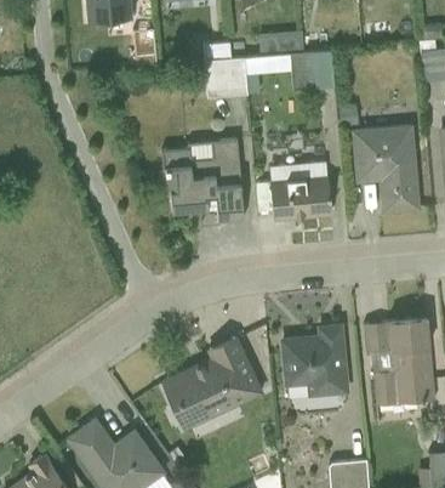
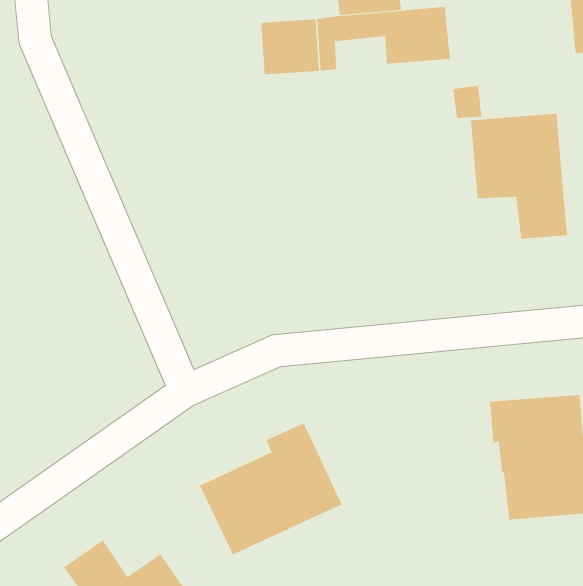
building: [161,138,244,221] -> none
building: [270,176,331,220] -> none
building: [283,325,347,397] -> none

